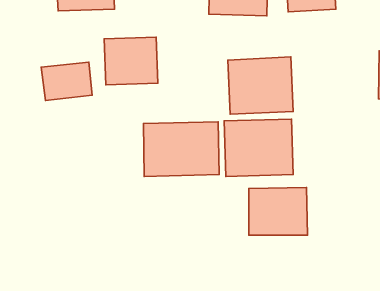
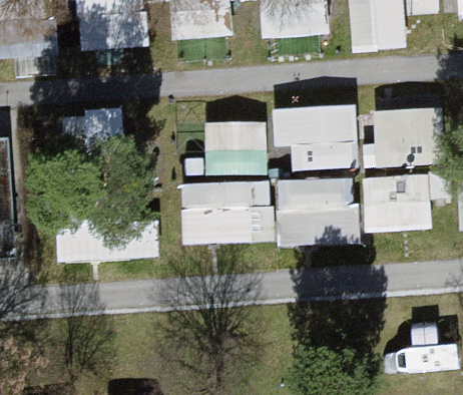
building: [104,37,158,85] -> [205,118,269,174]
building: none -> [372,105,442,166]
building: [249,187,307,235] -> [364,173,433,230]

